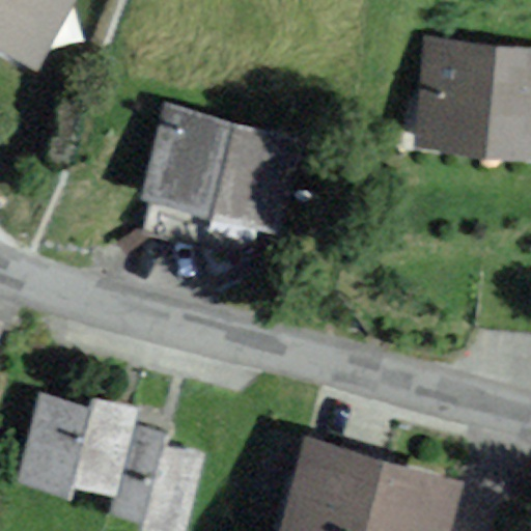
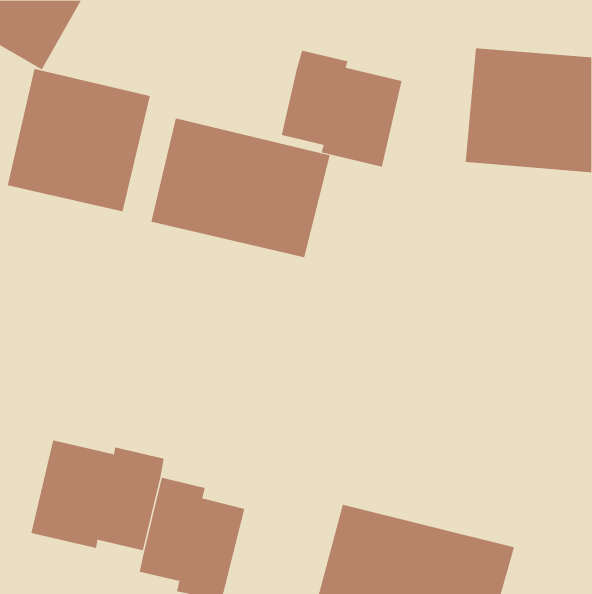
building: none -> [281,50,402,168]
building: none -> [7,68,150,212]

